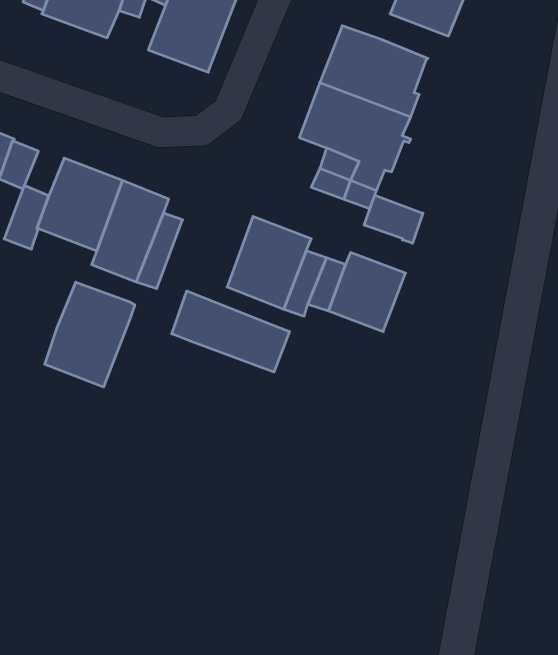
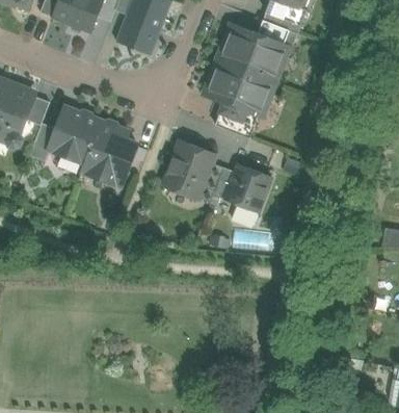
building: none -> [258,20,298,50]
building: [364,195,423,243] -> none
building: [45,282,135,387] -> none
building: [172,291,289,372] -> none

